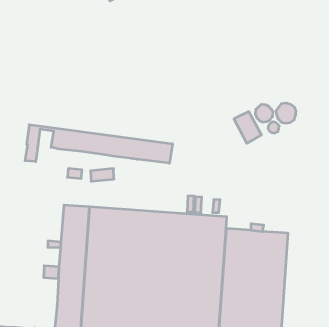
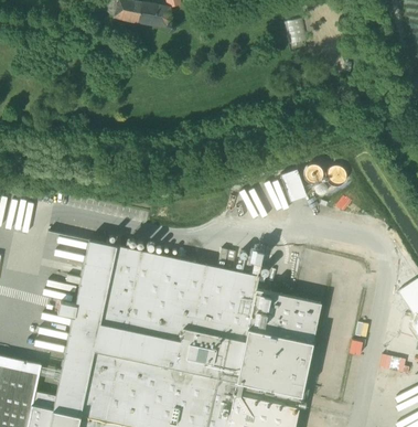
building: [25,125,172,163] -> none

